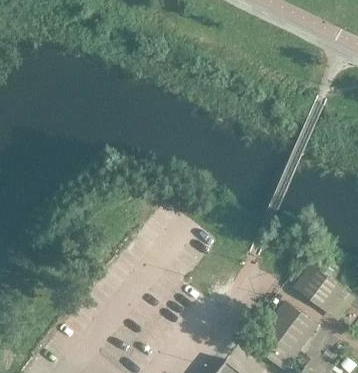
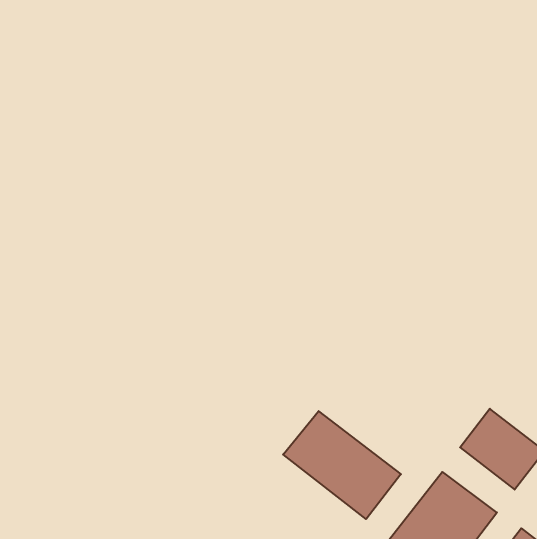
building: none -> [283,411,401,519]

